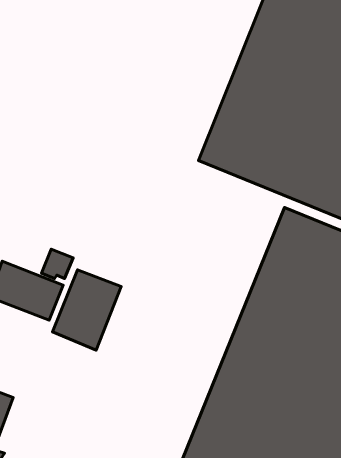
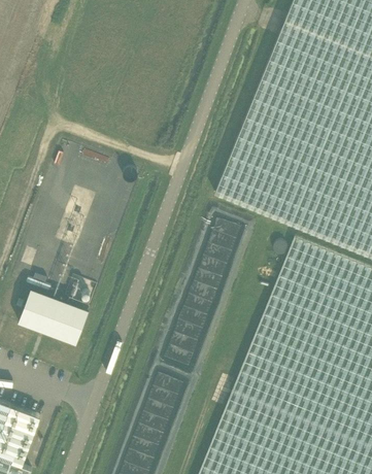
building: [53,270,121,350] -> none

